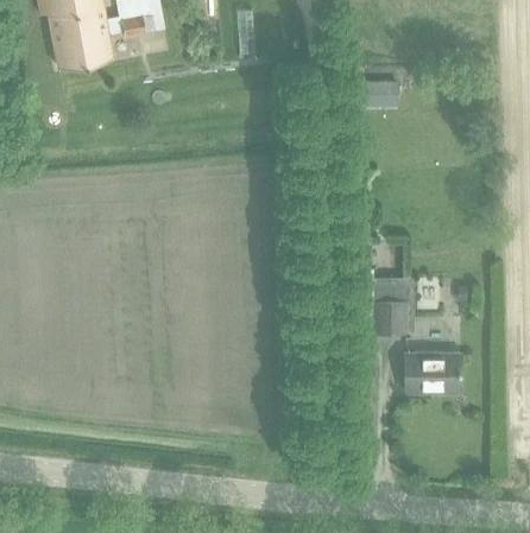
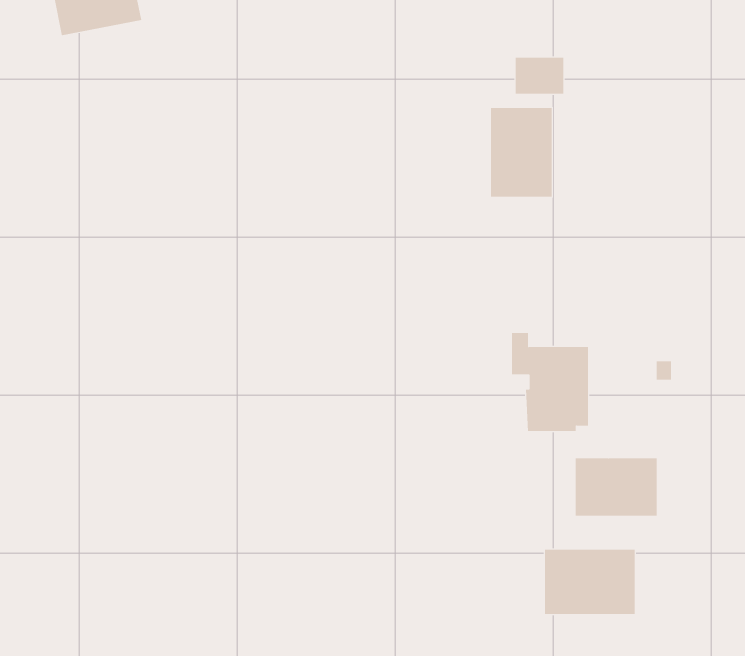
building: none -> [490,107,552,197]
building: none -> [544,549,635,615]

